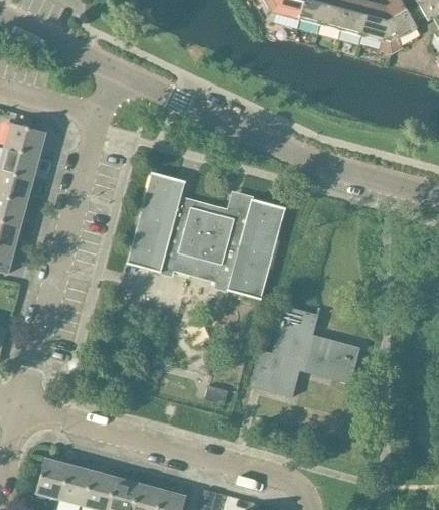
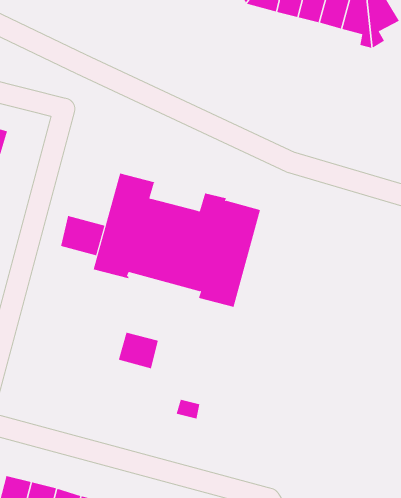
building: none -> [60,215,105,256]
building: [253,305,360,398] -> none
building: none -> [118,332,158,369]

